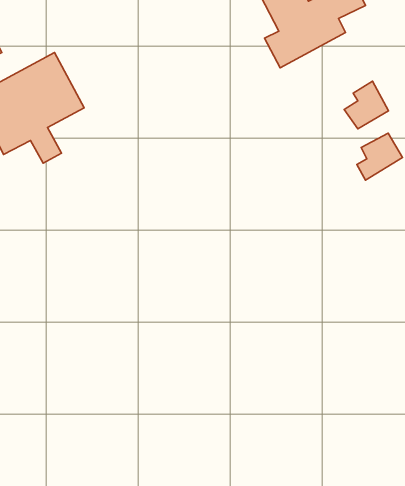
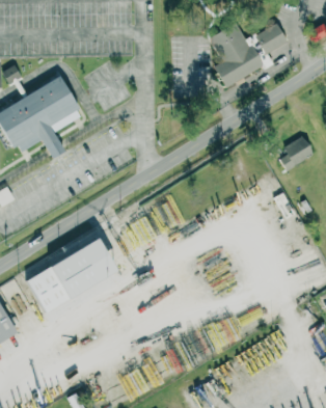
building: [344,81,389,129] -> none
building: none -> [25,240,114,311]

